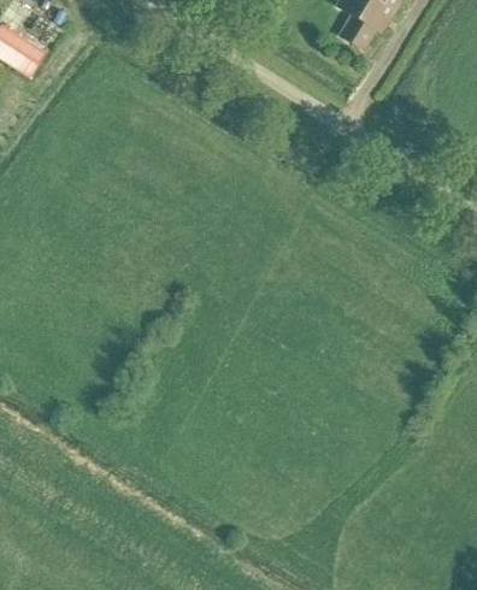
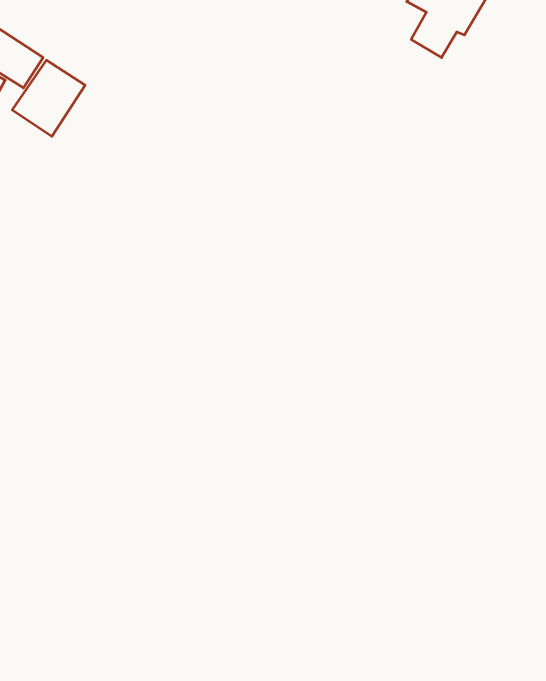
building: none -> [12,60,85,136]

